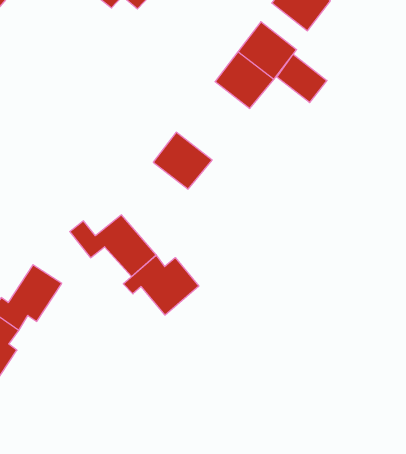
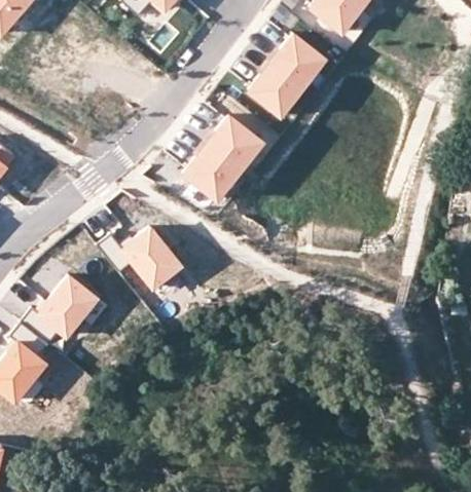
building: [277,54,327,103] -> none
building: none -> [207,112,267,172]
building: [123,255,199,315] -> none

